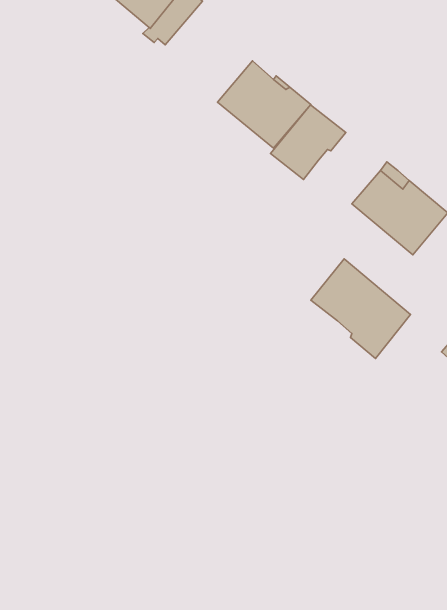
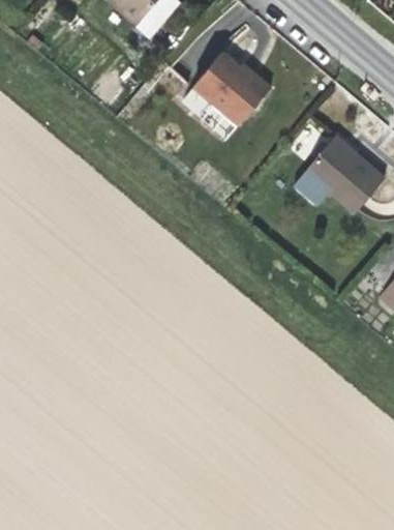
building: [271,105,346,180] -> none
building: [311,259,411,359] -> none

